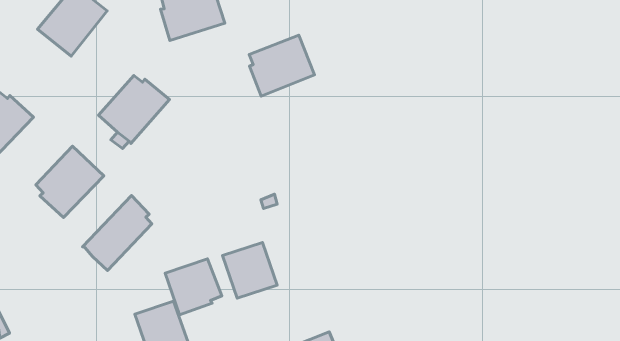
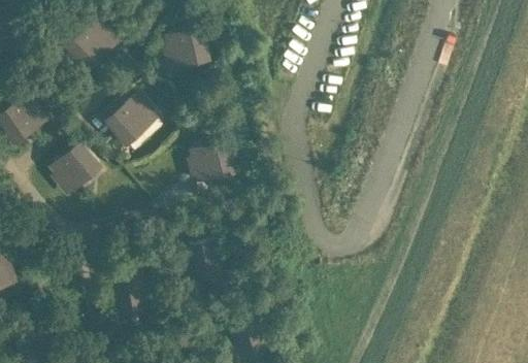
building: [249,35,315,96] -> [186,141,236,186]
building: [83,195,152,270] -> none
building: [165,259,222,315] -> none

